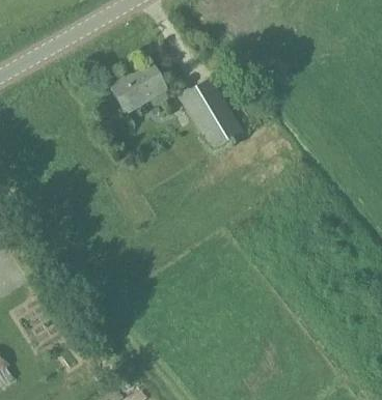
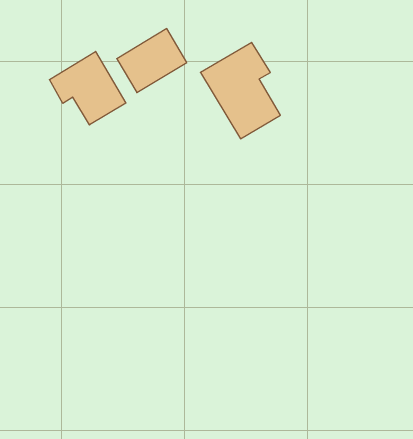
building: none -> [49,51,126,125]

